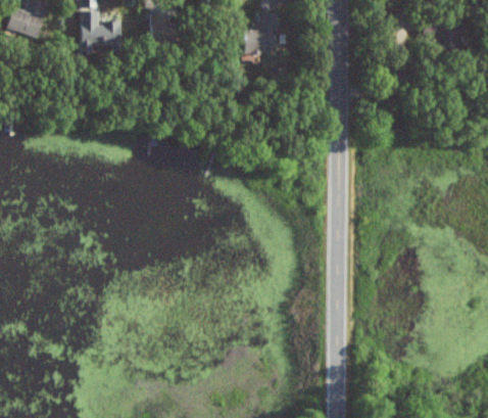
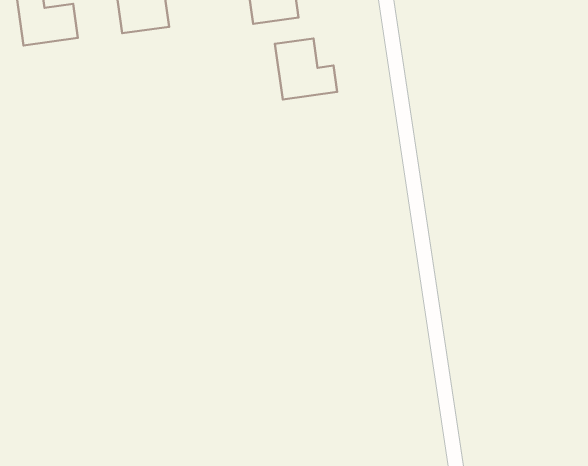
building: none -> [275,38,337,100]

